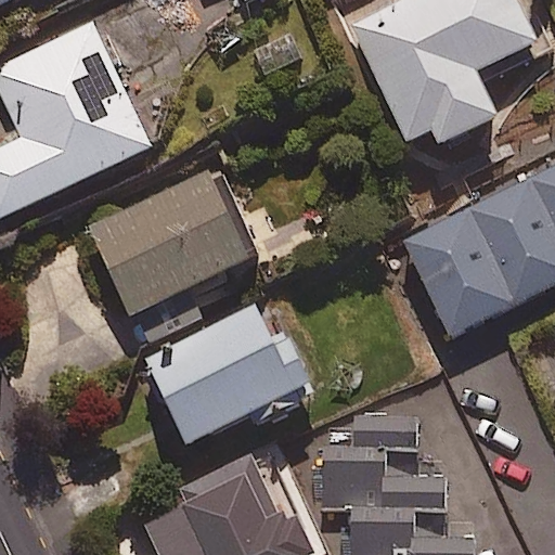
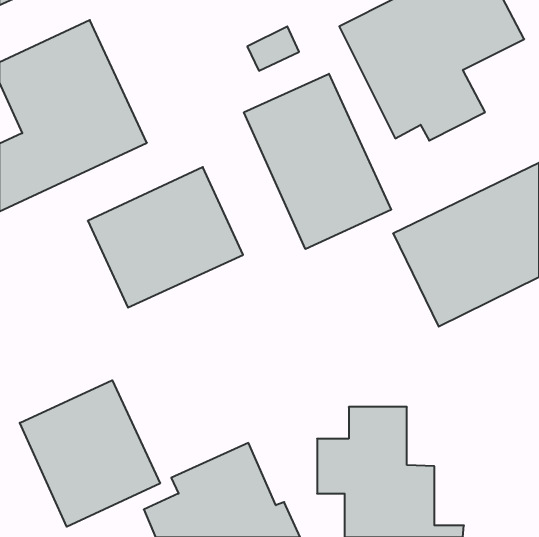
building: none -> [244,74,391,249]
building: [144,307,311,448] -> none
building: none -> [20,380,160,527]

